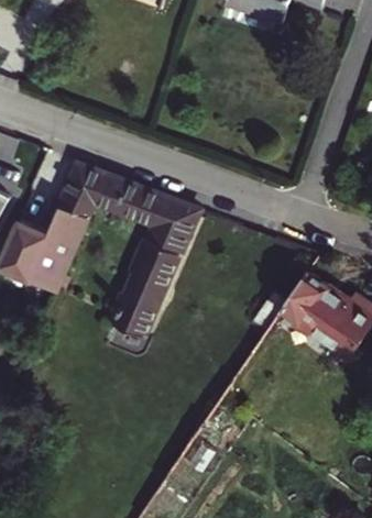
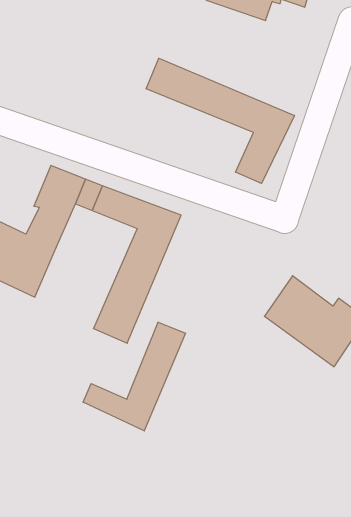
building: none -> [146,58,294,183]
building: none -> [83,322,185,431]

